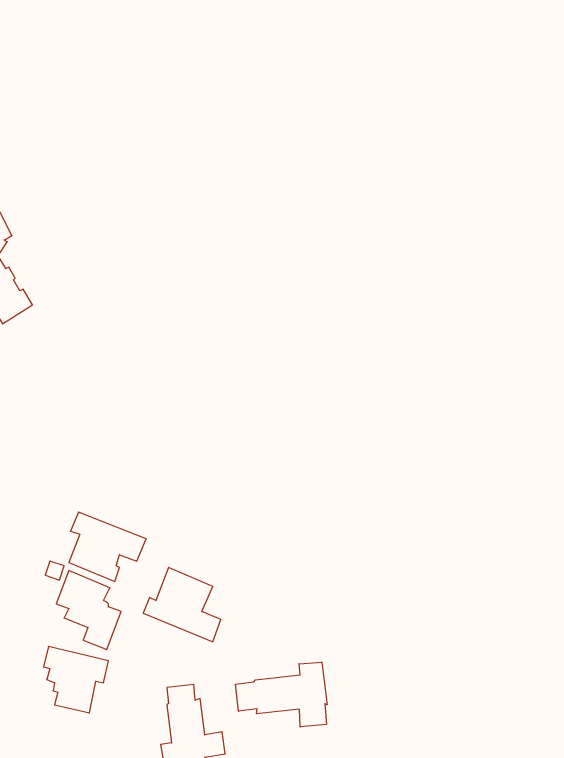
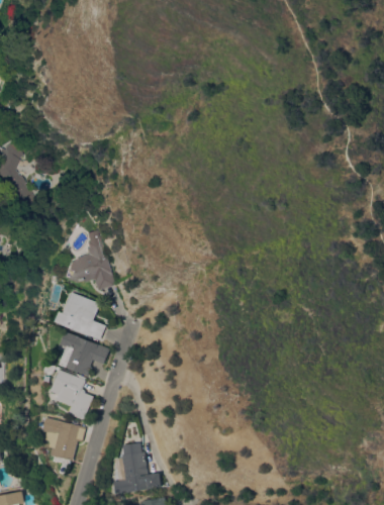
building: none -> [65,229,114,291]
building: [143,567,221,642] -> [56,292,105,339]
building: [235,662,327,727] -> none

